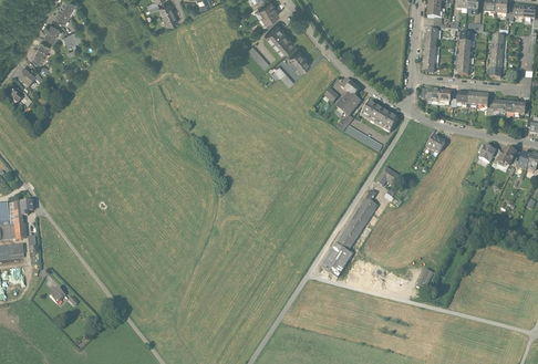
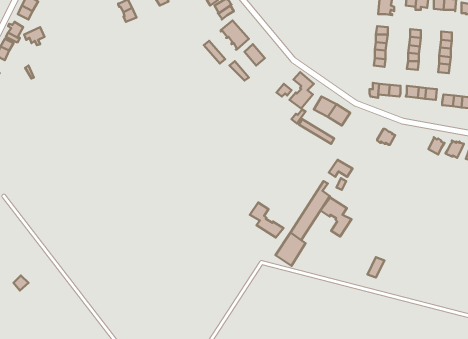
building: none -> [320,198,351,237]
building: none -> [250,202,283,237]

